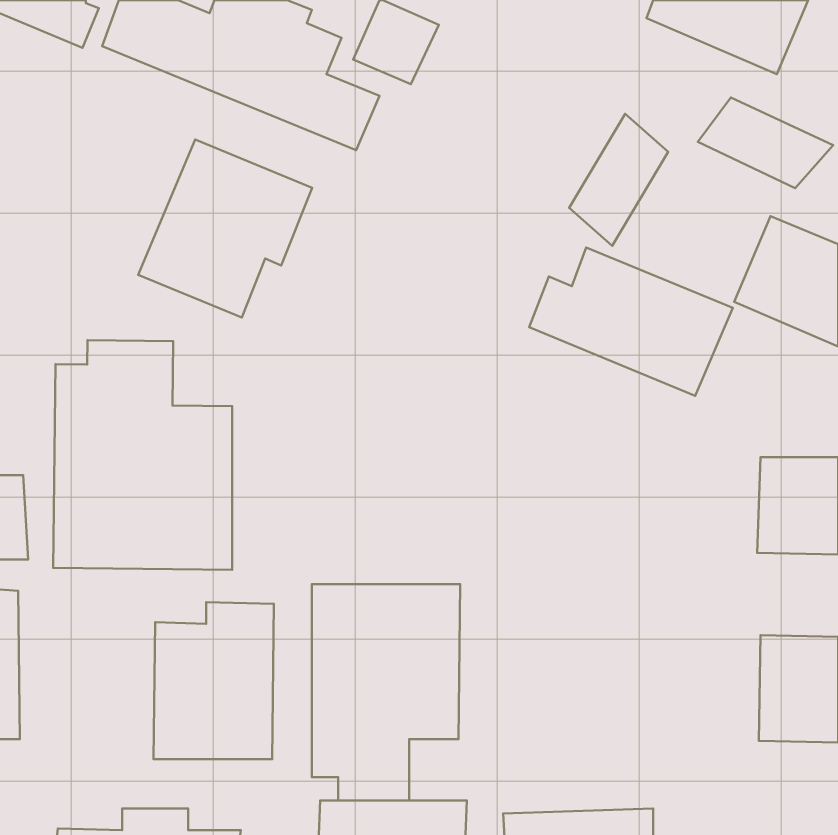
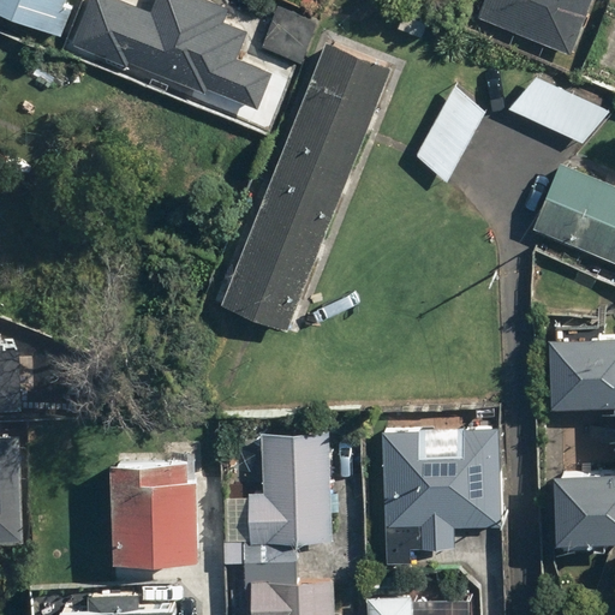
building: none -> [219,43,395,332]
building: [138,140,312,317] -> none
building: [529,248,733,396] -> none
building: [53,340,232,570] -> none
building: none -> [382,430,498,566]

